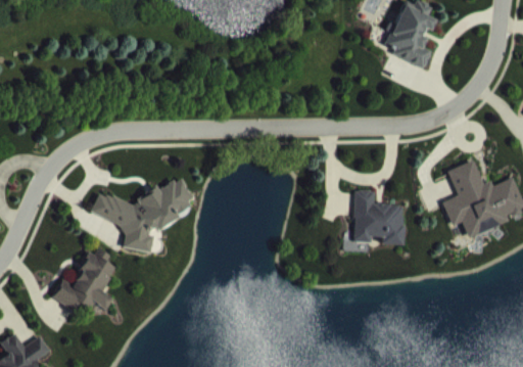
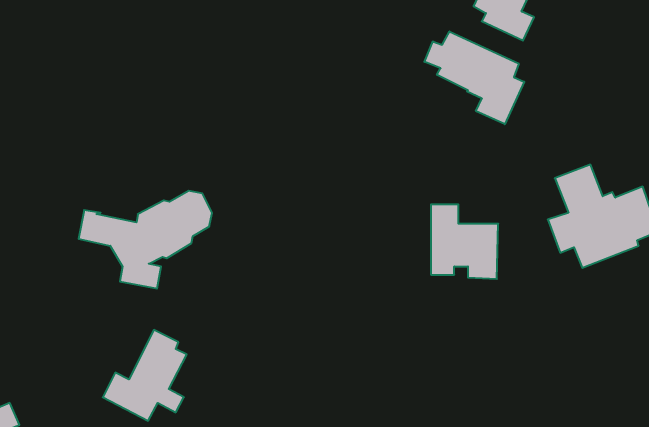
building: none -> [424,31,524,124]
building: [53,247,115,315] -> [103,330,187,421]

